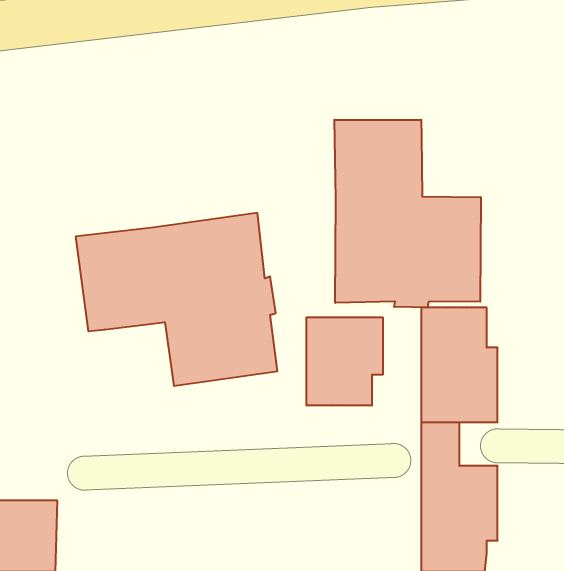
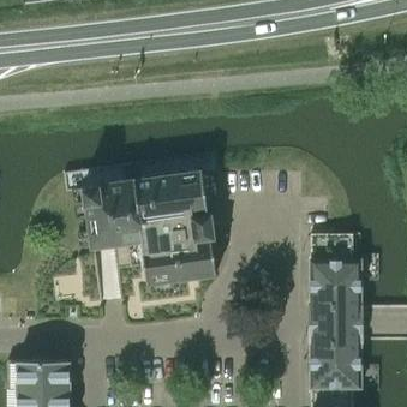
building: [334,120,481,308] -> none
building: [307,317,383,406] -> none

